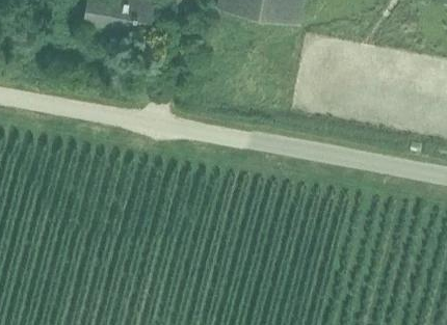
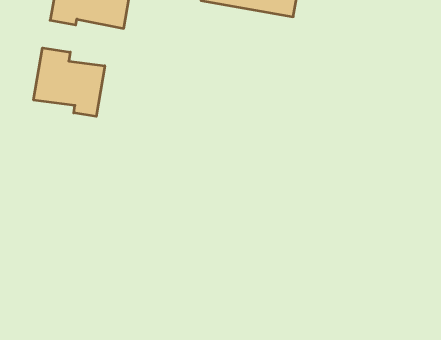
building: none -> [34,48,105,116]

